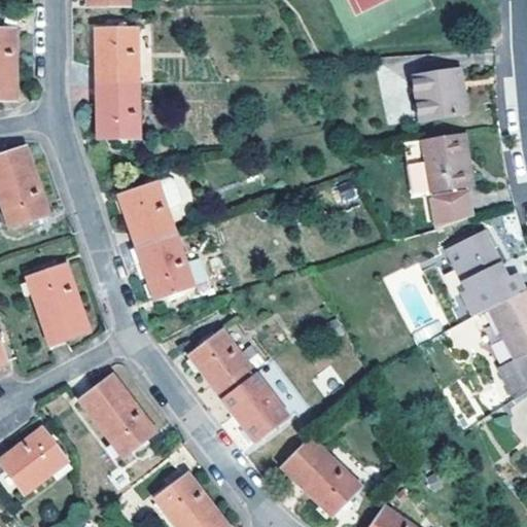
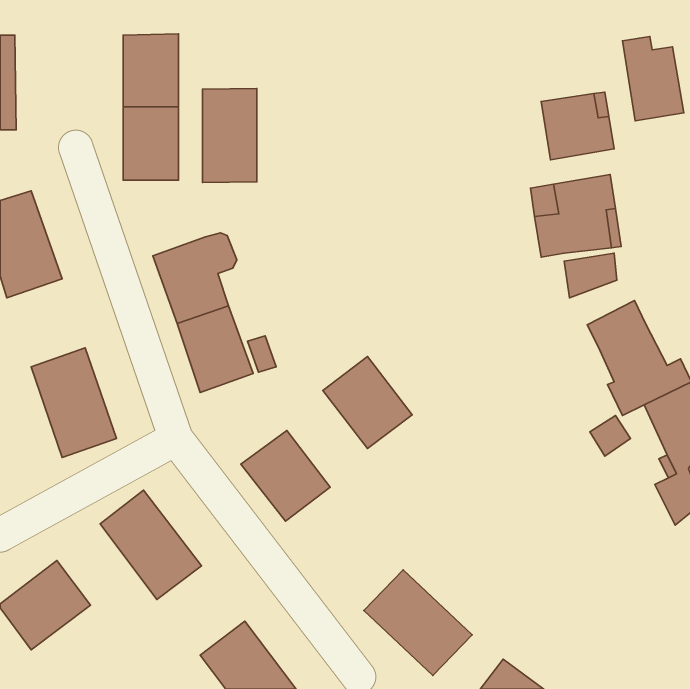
building: none -> [623,36,684,121]
building: none -> [203,89,257,182]
building: [218,371,286,441] -> [323,357,412,449]

